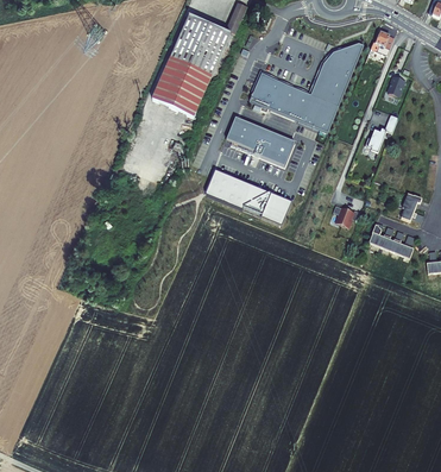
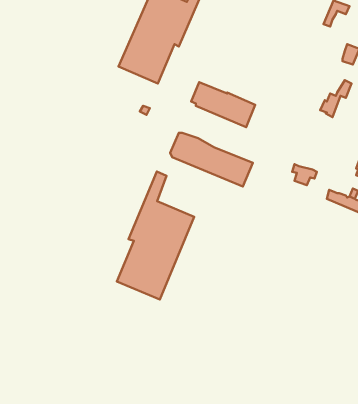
building: [250,42,364,131] -> none
building: none -> [117,172,194,300]

